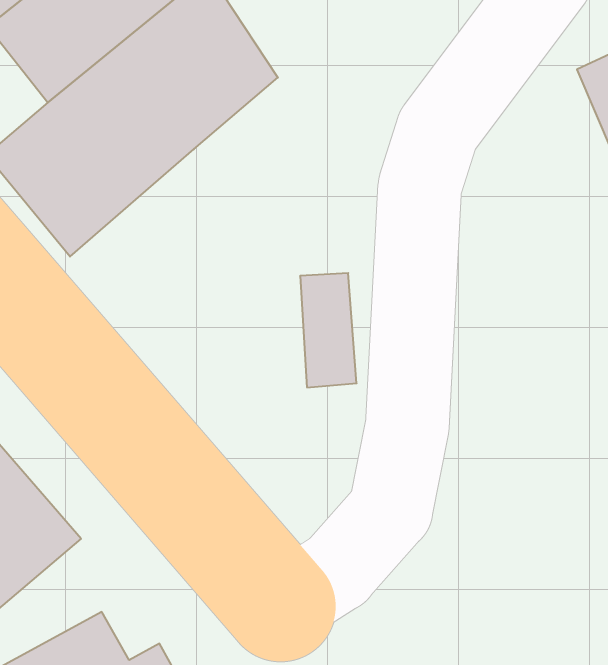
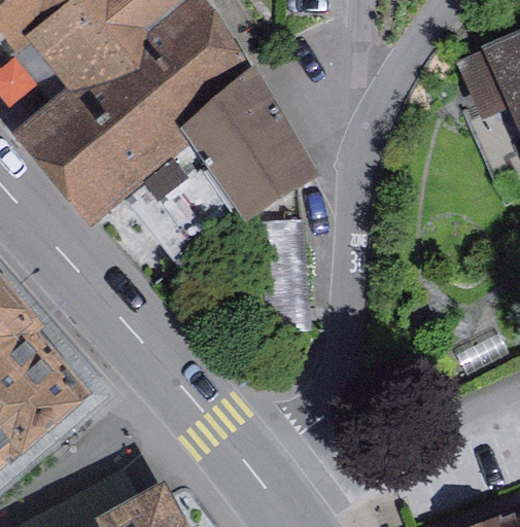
building: none -> [128,75,308,266]

